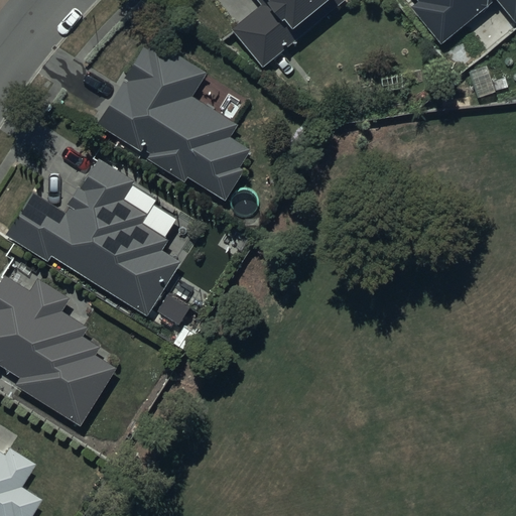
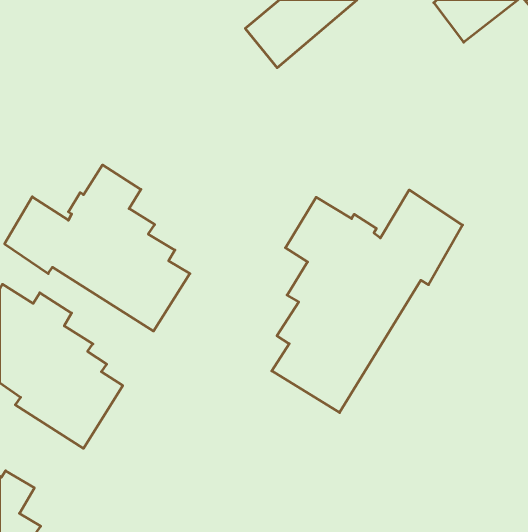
building: [97,39,251,201] -> none
building: none -> [272,190,463,413]

